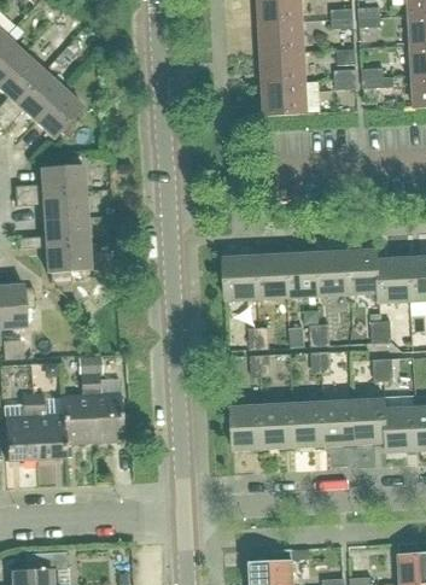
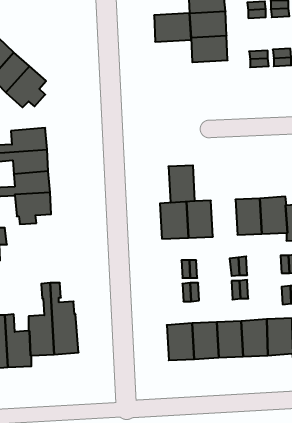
building: [262,81,308,116] -> [154,13,191,42]
building: [285,252,317,298] -> [168,165,195,203]

